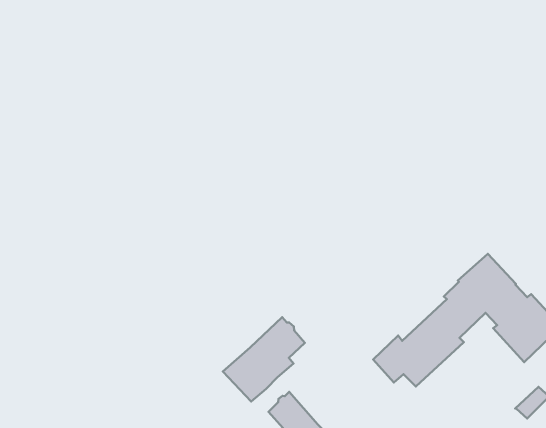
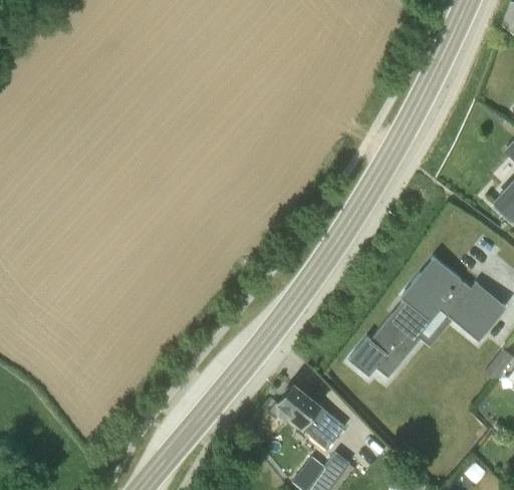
building: [223,317,305,401] -> none

